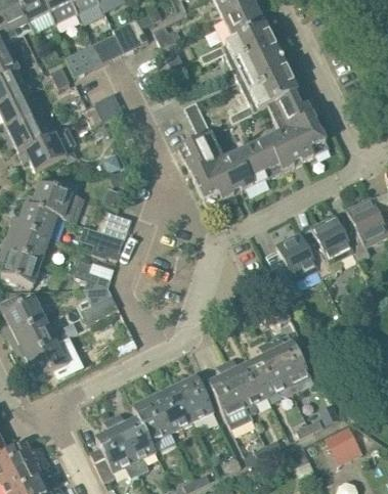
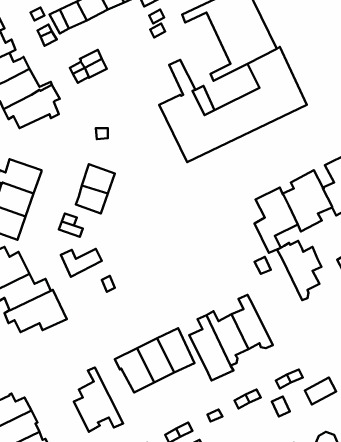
building: [24,180,83,223] -> none
building: [266,333,311,394] -> [277,241,321,300]
building: [111,411,154,474] -> none

